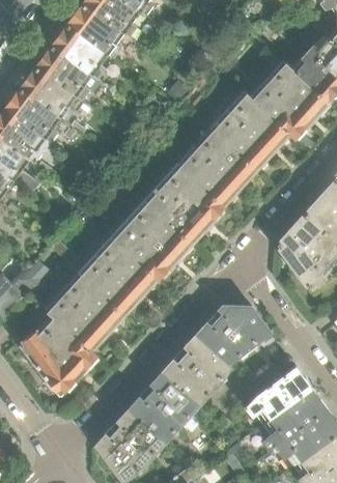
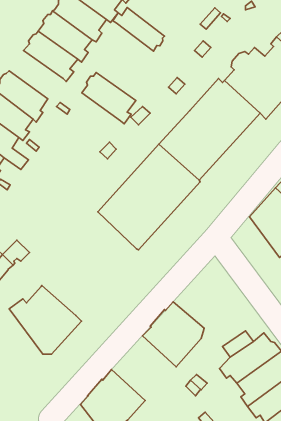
building: none -> [113,8,164,51]
building: [19,65,77,120] -> [82,72,136,124]
building: [47,238,156,349] -> none
building: [195,305,270,363] -> none
building: [129,371,207,441] -> none

